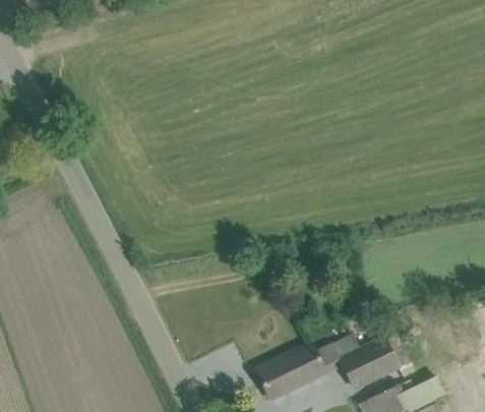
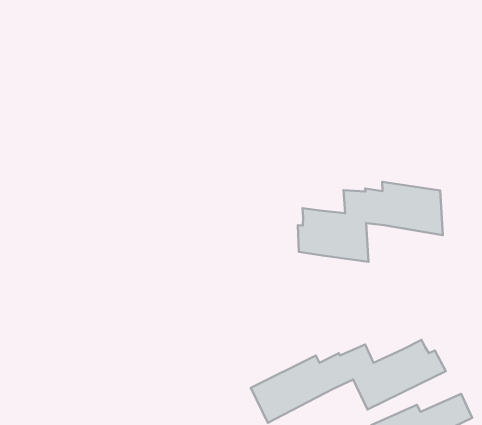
building: none -> [298,182,443,262]

